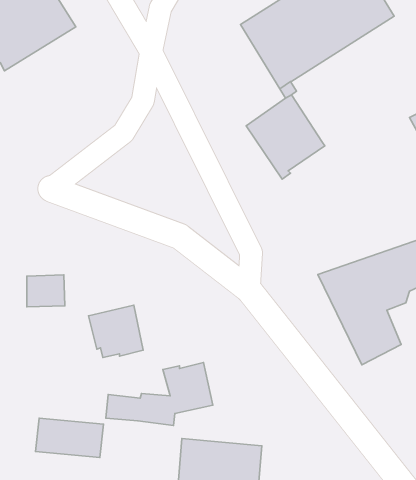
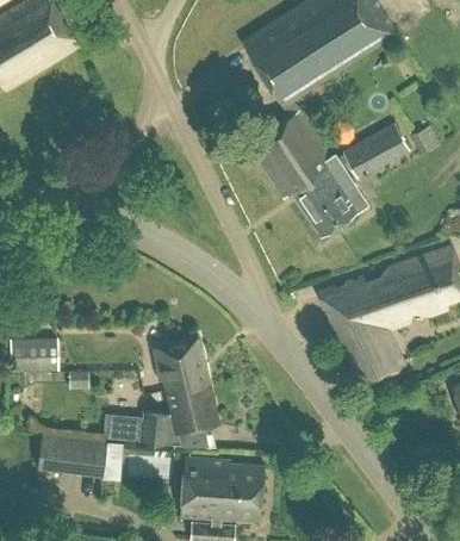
building: none -> [291,123,411,235]
building: [27,275,65,307] -> [14,338,52,371]
building: [89,305,143,357] -> [151,336,206,388]

